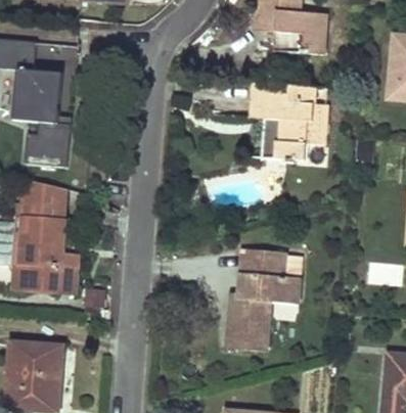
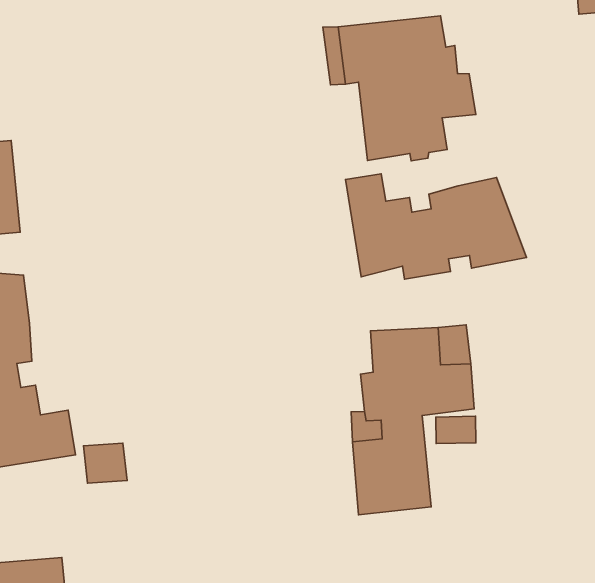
building: none -> [345,174,526,279]

